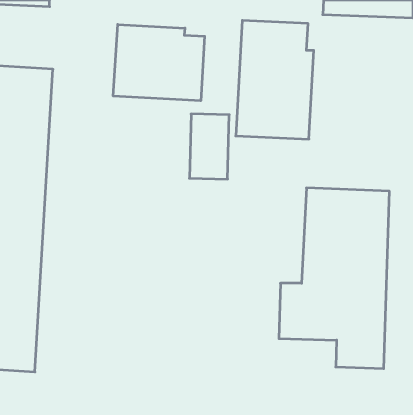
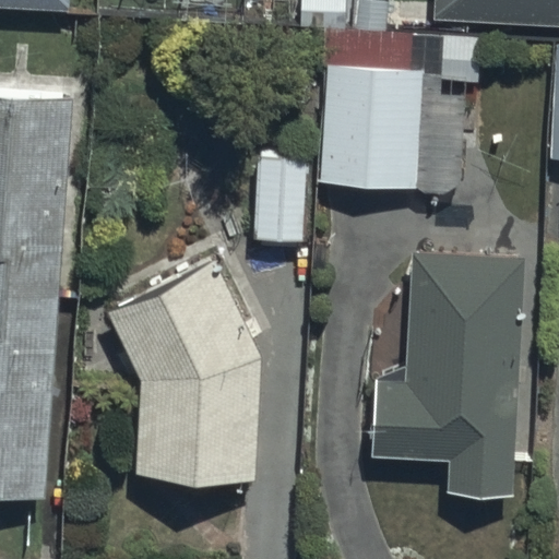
building: [113,24,205,101] -> none
building: none -> [106,260,258,484]

